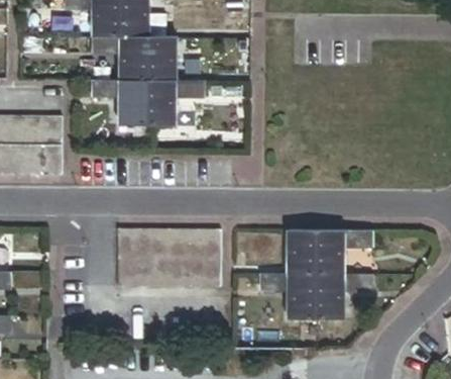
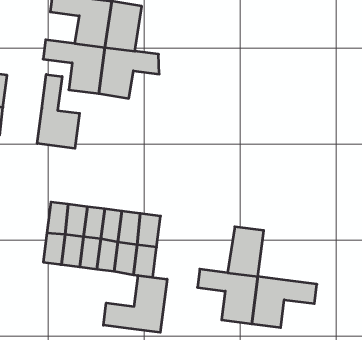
building: none -> [37,74,80,148]
building: [316,230,371,274] -> none
building: none -> [103,275,167,332]

